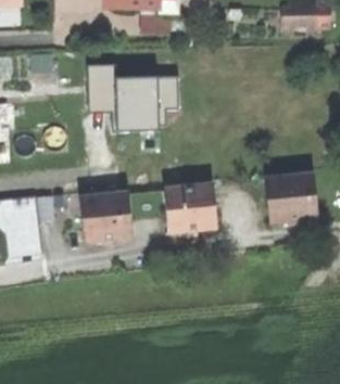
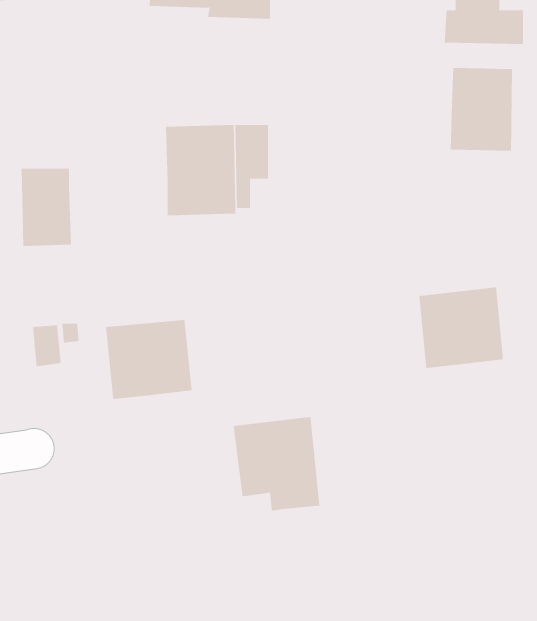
building: none -> [450,67,513,152]
building: [86,65,116,112] -> [21,168,72,247]
building: [165,182,217,239] -> [233,417,320,511]

